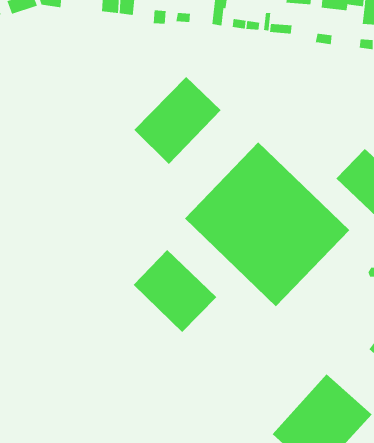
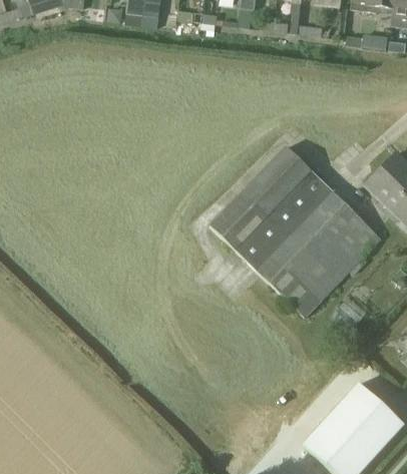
building: [134,76,221,165] -> none
building: [133,249,217,333] -> none

